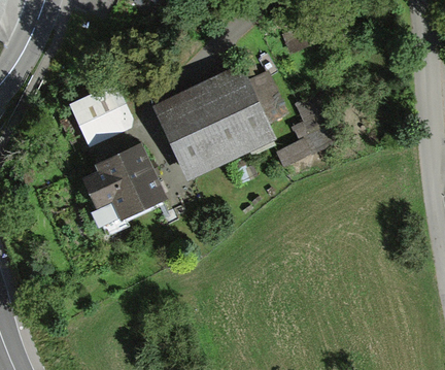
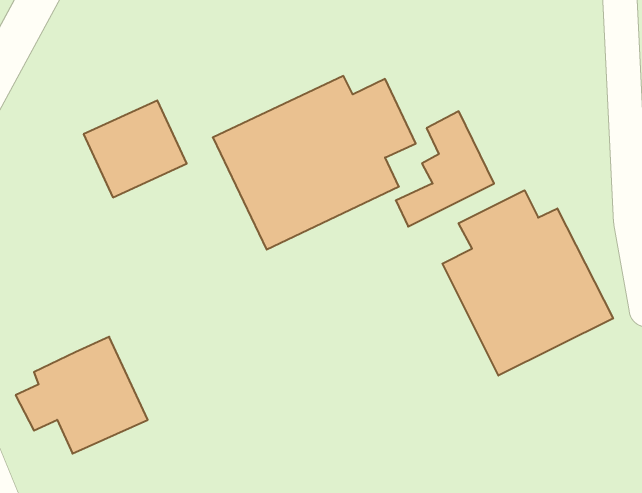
building: none -> [442,190,613,376]
building: [78,145,167,224] -> [16,337,148,454]

